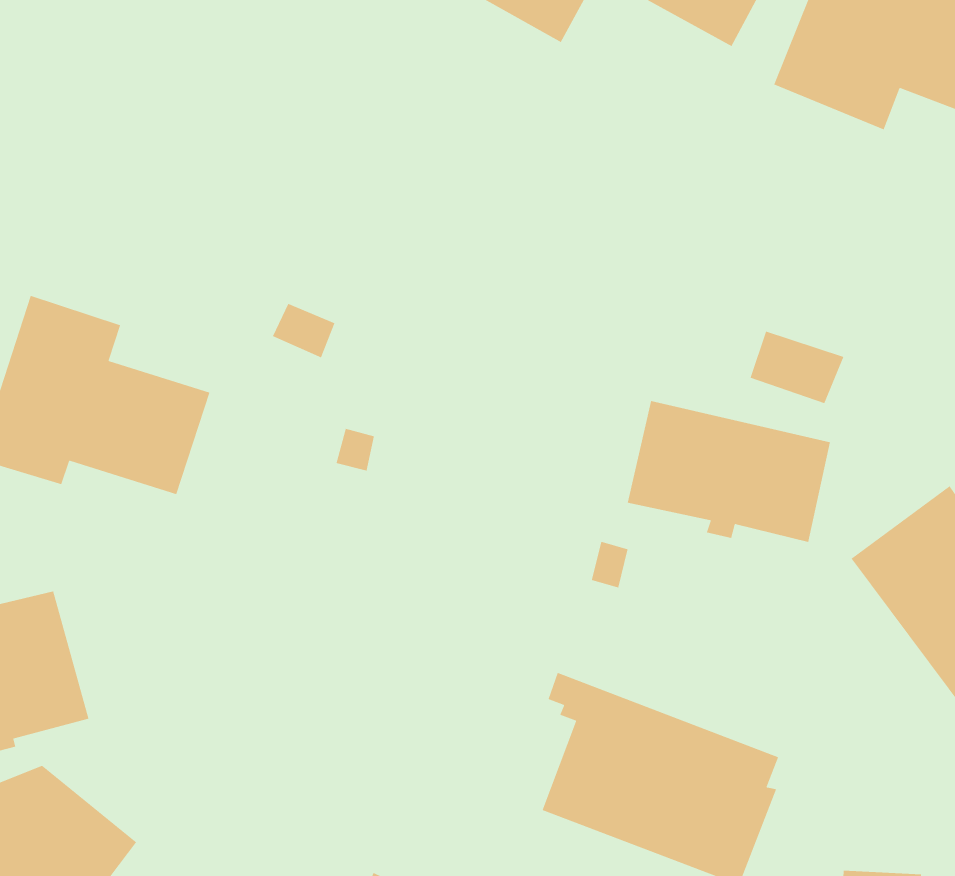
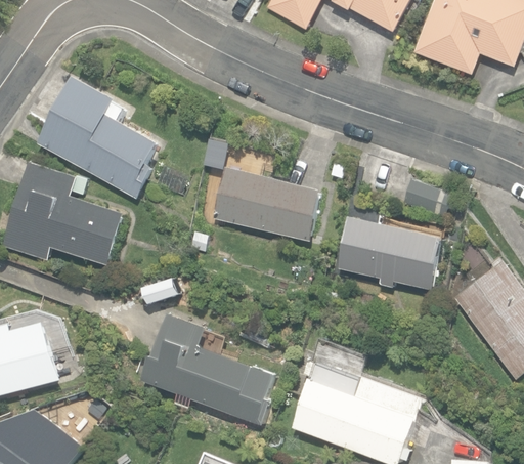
building: none -> [37,74,160,199]
building: none -> [212,166,321,240]
building: none -> [140,313,273,424]

